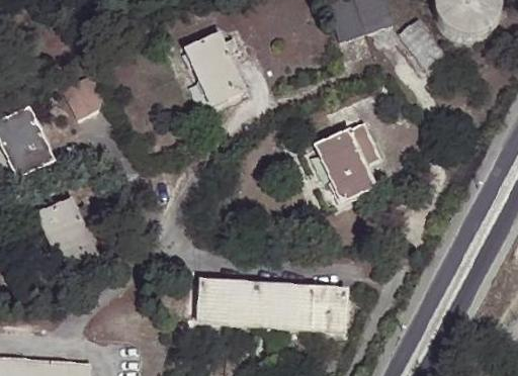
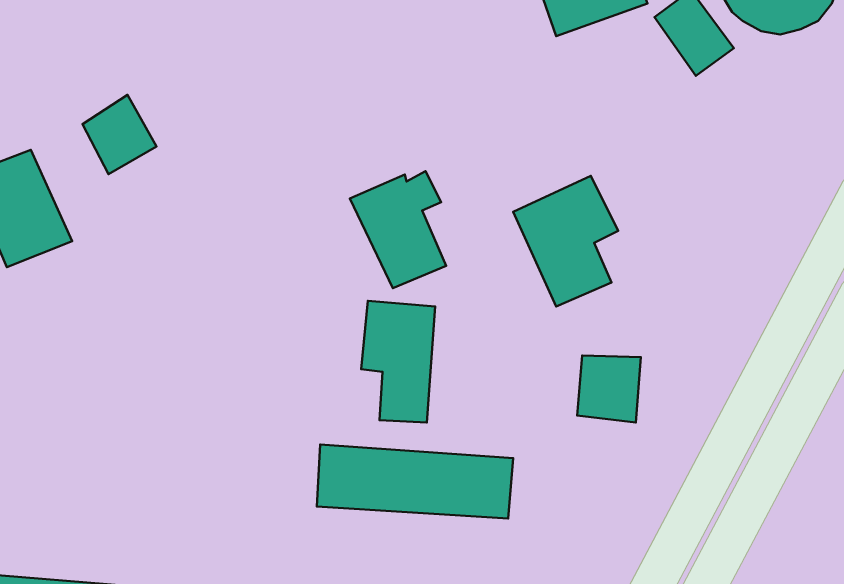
building: [184,31,241,100] -> [350,171,446,288]
building: none -> [361,301,435,423]
building: [36,196,93,265] -> none
building: [311,287,348,326] -> [577,355,641,423]

